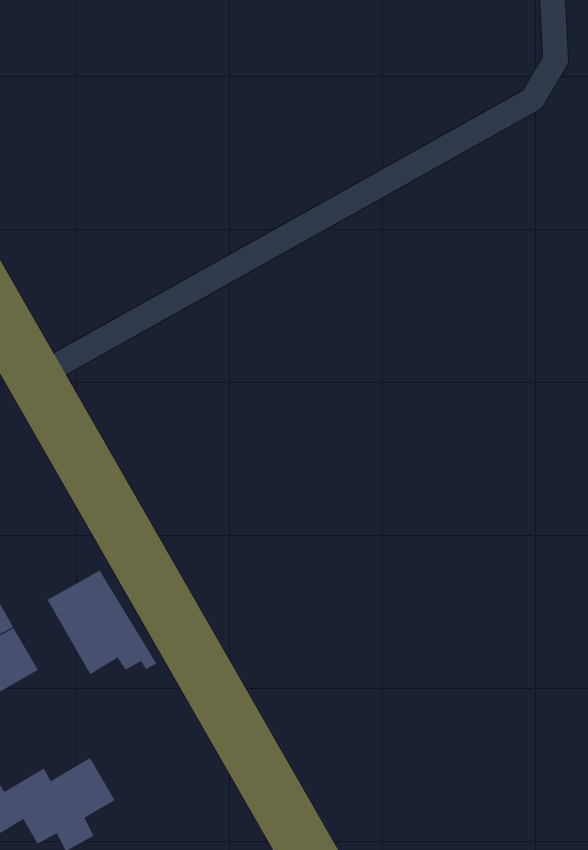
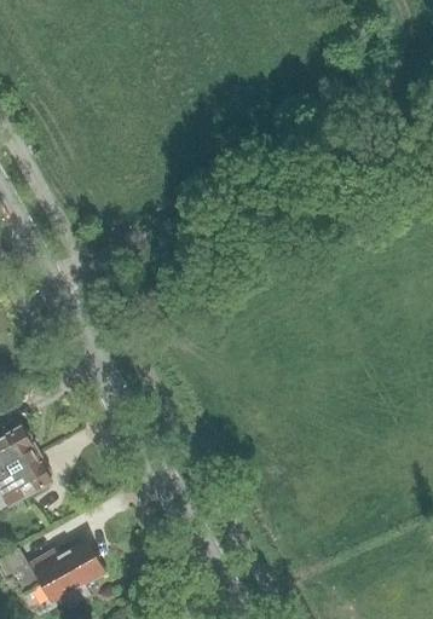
building: [47,570,157,675] -> none

